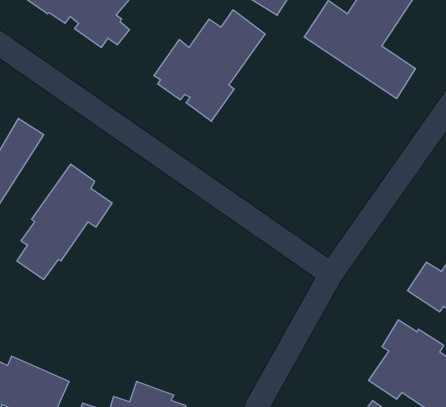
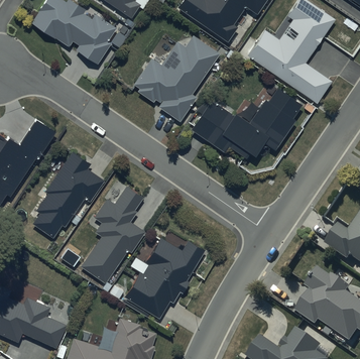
building: none -> [193,84,305,158]
building: none -> [81,185,145,281]
building: none -> [124,237,205,317]

